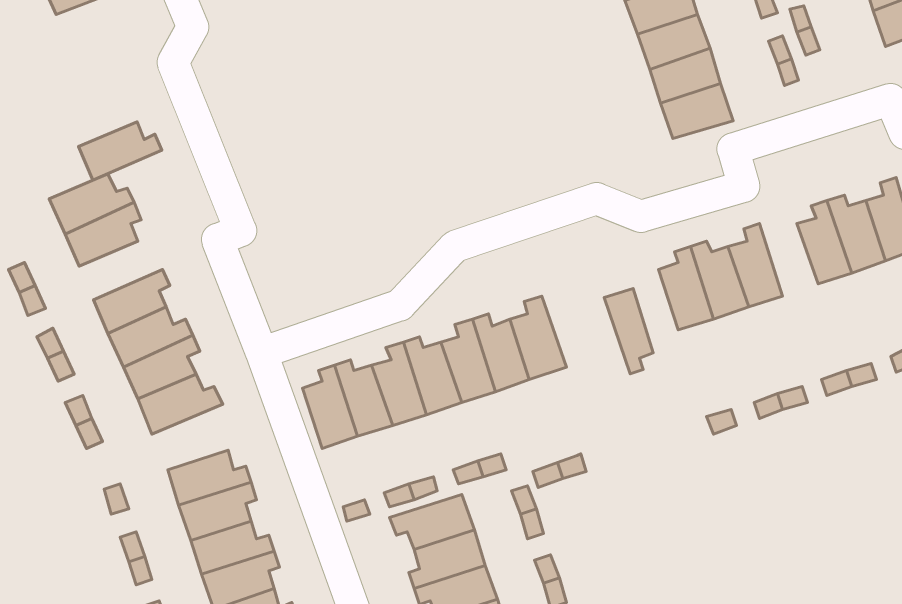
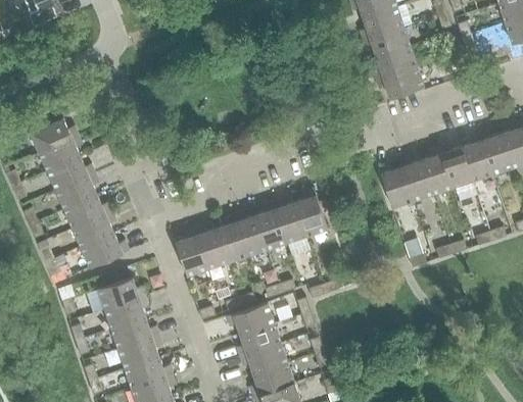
building: [79,122,162,180] -> [46,157,94,191]
building: none -> [438,144,472,189]
building: [604,288,653,374] -> none

